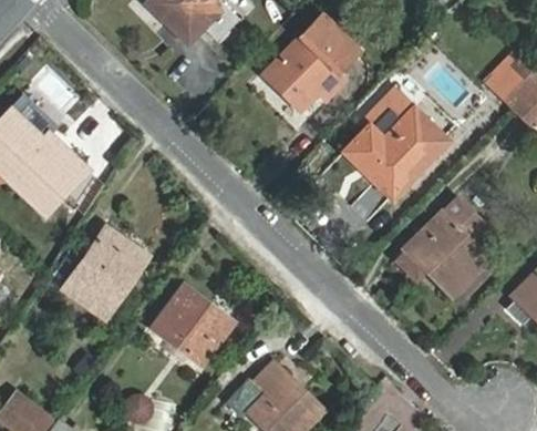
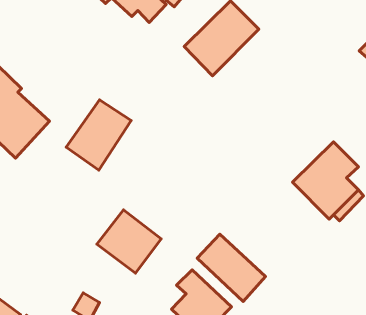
building: [344,89,446,197] -> none
building: [63,227,147,318] -> [66,100,131,170]
building: none -> [197,234,266,301]

